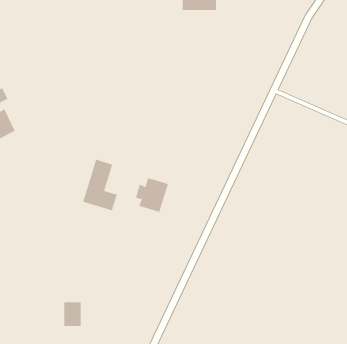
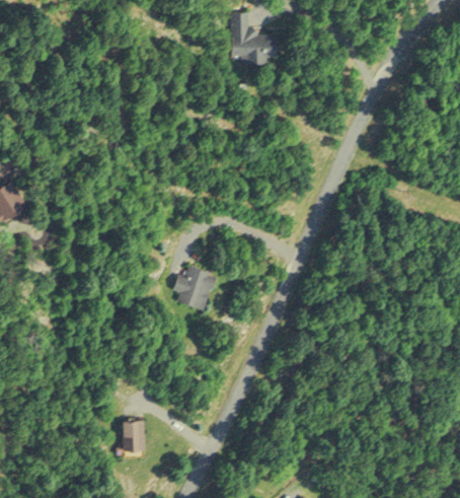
building: [82,159,117,211] -> none
building: [64,302,82,326] -> [121,421,143,451]

